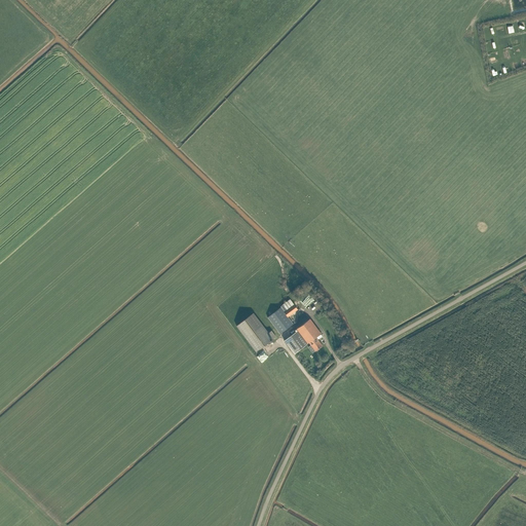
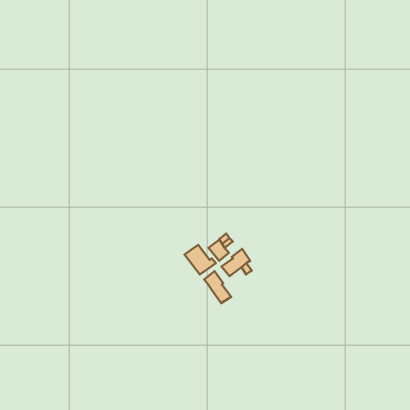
building: none -> [204,271,231,303]

